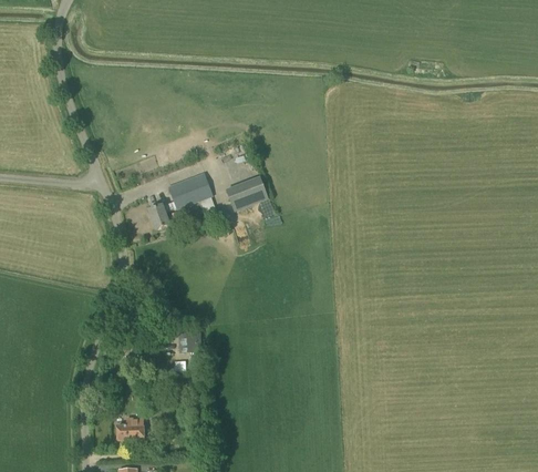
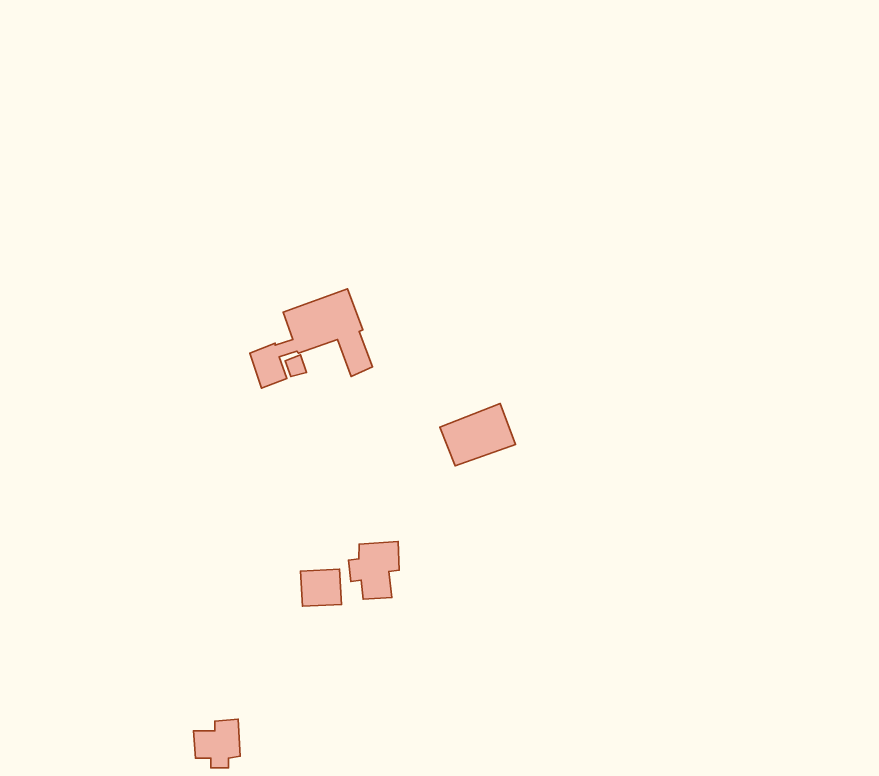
building: [225,175,268,211] -> [440,404,516,466]
building: none -> [349,541,399,599]

